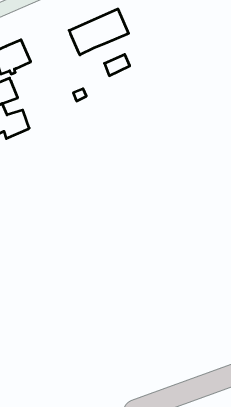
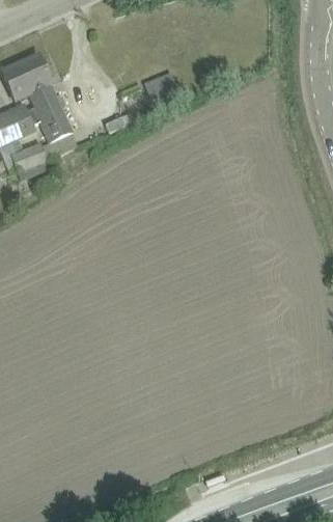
building: [69,9,129,55] -> none
building: none -> [27,83,72,142]

